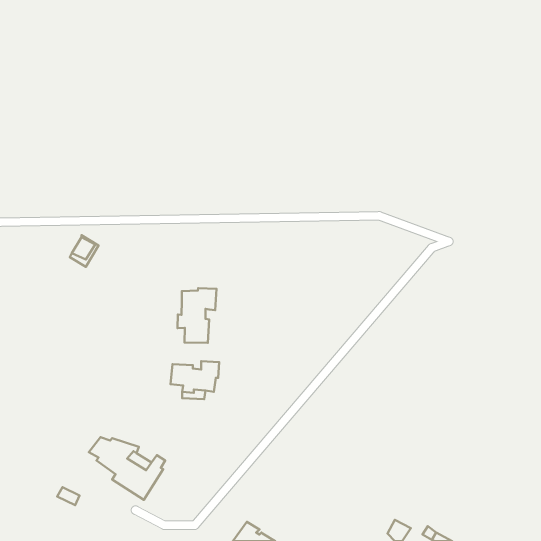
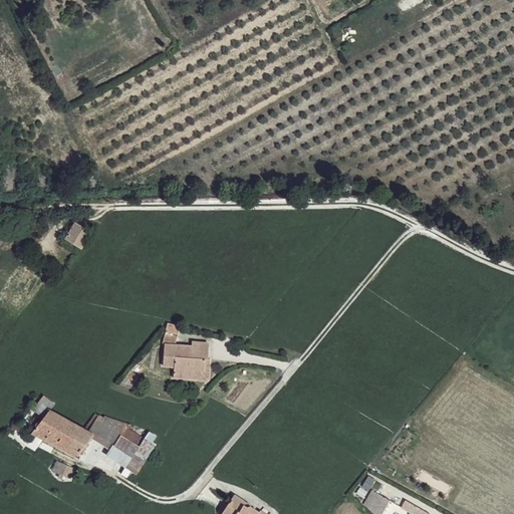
building: [177,288,217,343] -> none
building: none -> [32,396,93,457]

